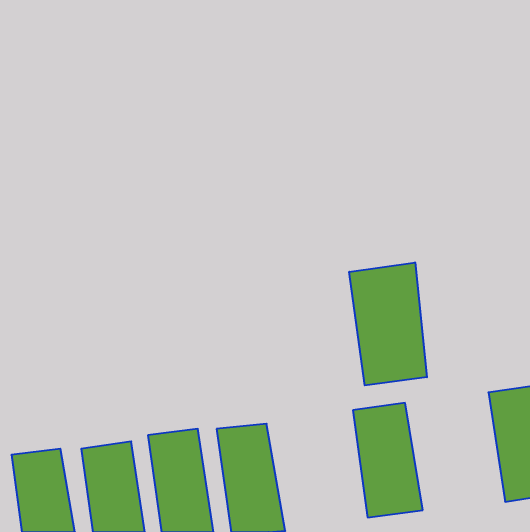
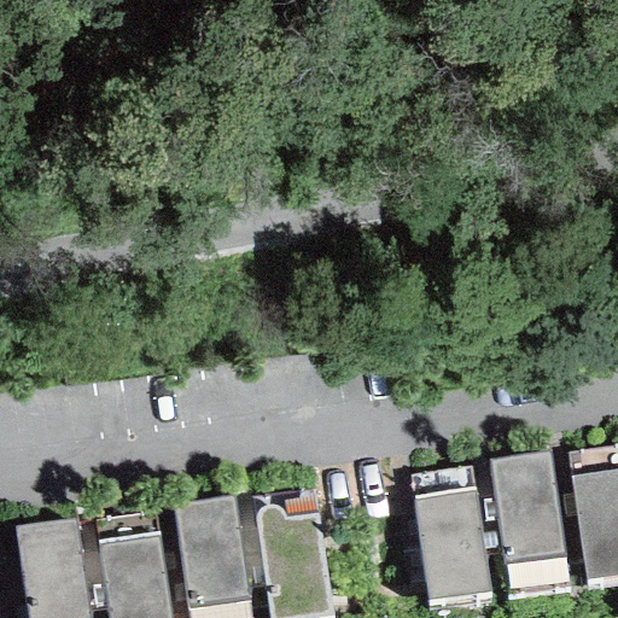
building: [349,262,427,385] -> none
building: none -> [491,455,569,595]

